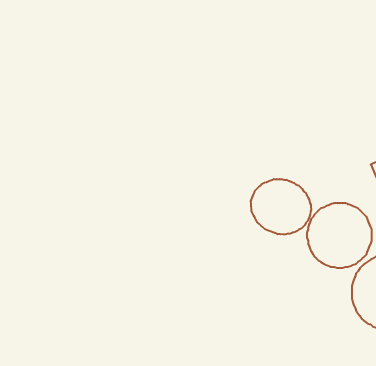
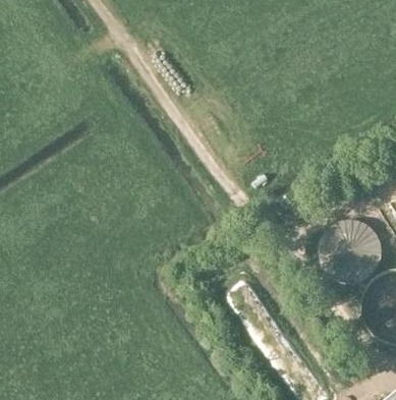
building: [251,179,311,234] -> none

